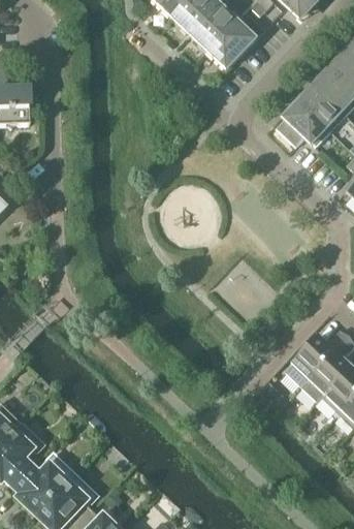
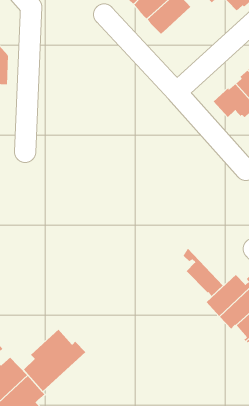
building: [207,11,262,64] -> none
building: none -> [183,248,223,297]
building: none -> [23,329,86,392]

